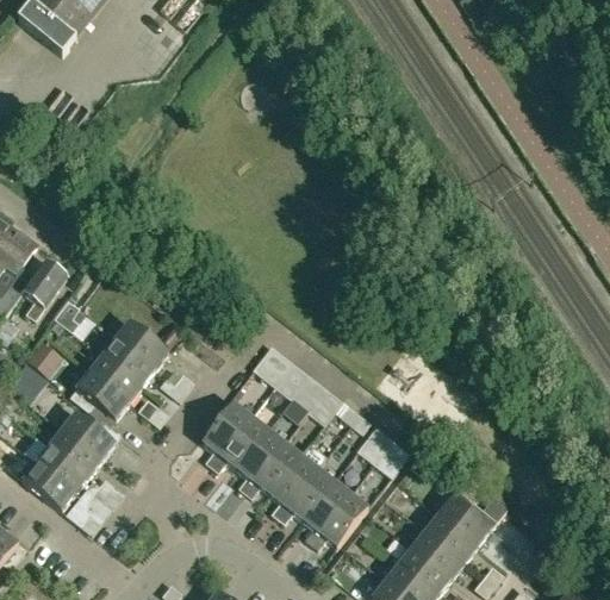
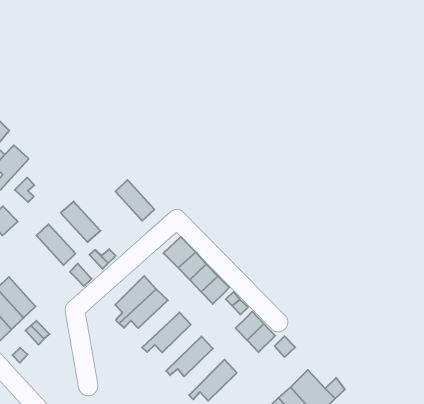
building: [102,337,155,386] -> [115,180,154,221]
building: [70,370,129,419] -> none
building: [62,411,120,460] -> none
building: [235,427,284,492] -> none
building: [269,454,316,517] -> none
building: [301,480,349,543] -> none

